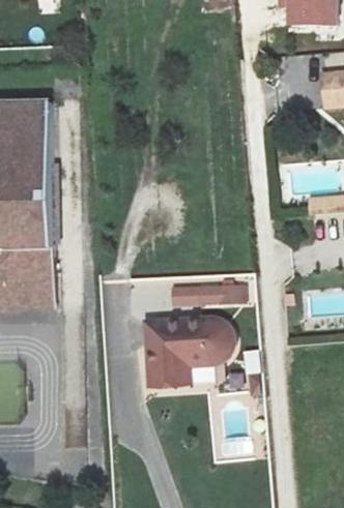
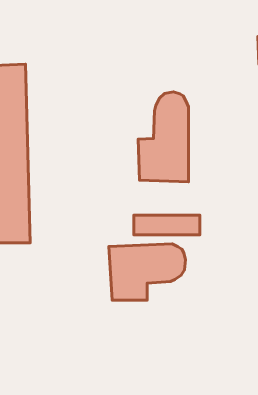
building: none -> [138,92,189,182]

